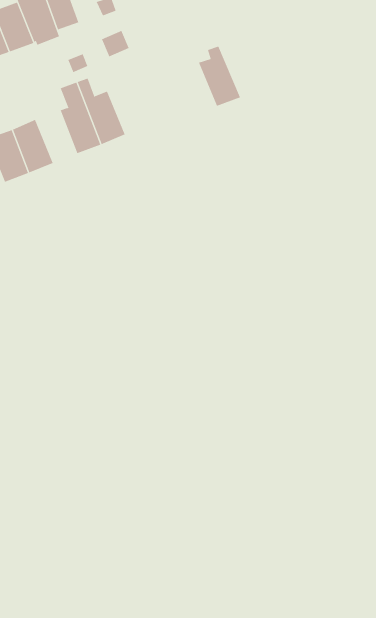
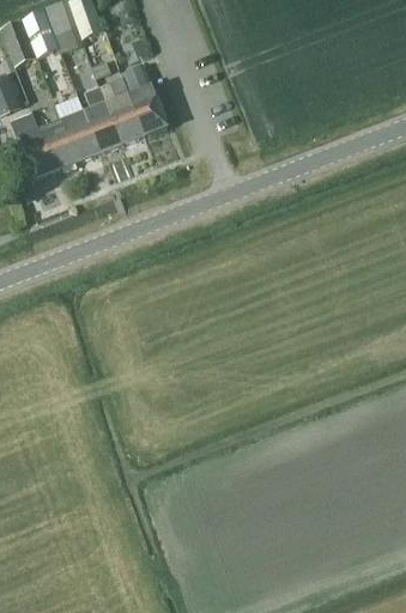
building: [198,46,241,106] -> [128,75,168,132]
building: none -> [61,109,99,158]

